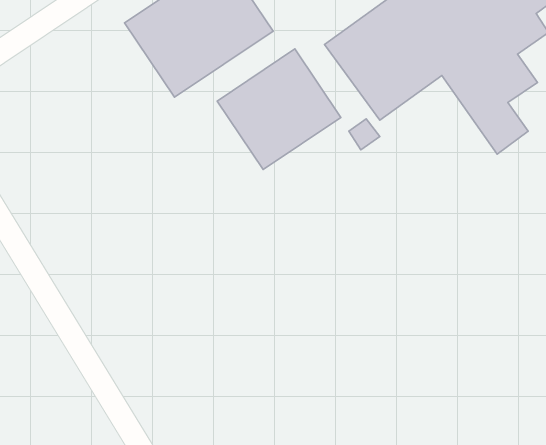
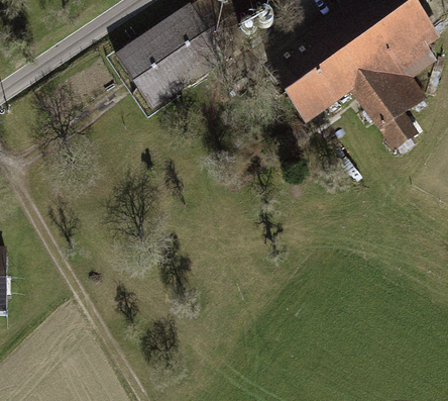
building: [217,49,341,170] -> none

